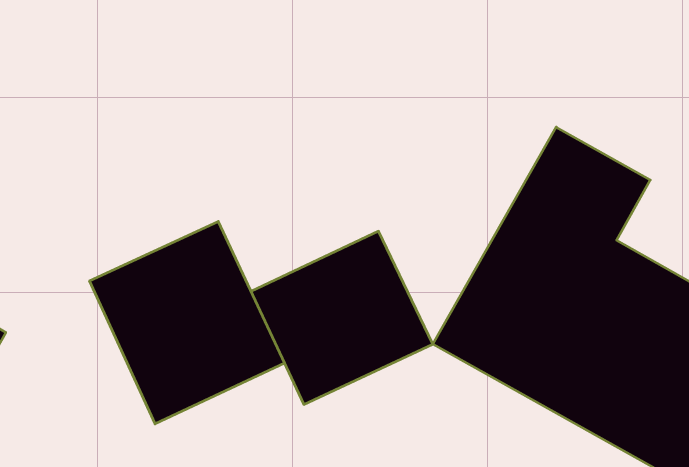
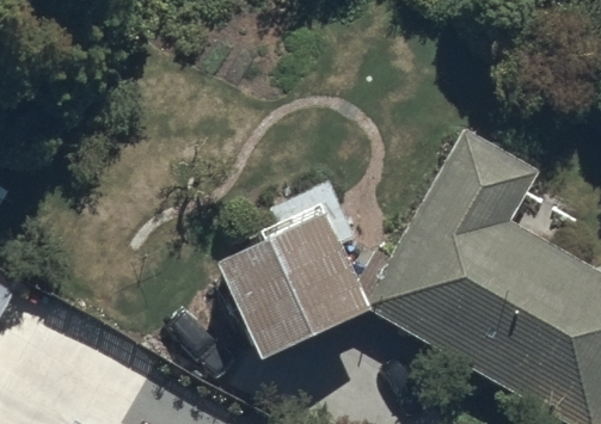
building: [90,221,284,424] -> none

